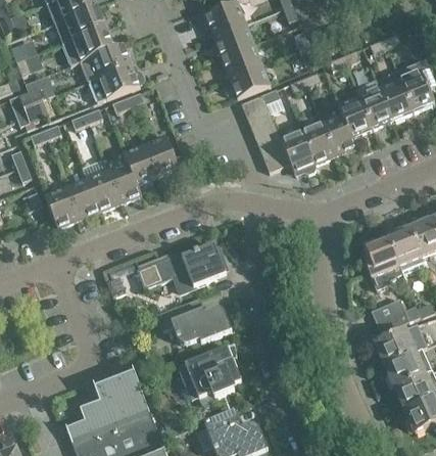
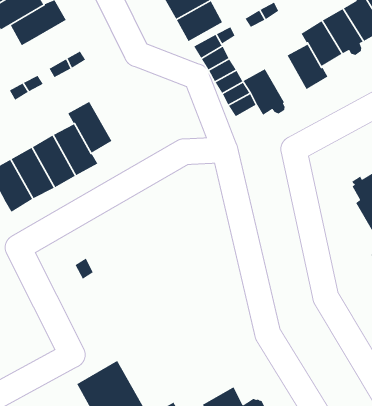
building: [88,62,143,101] -> none
building: [301,121,335,163] -> none
building: [141,128,178,176] -> none
building: [136,242,226,290] -> none
building: [155,300,231,343] -> none
building: [178,353,240,406] -> none

